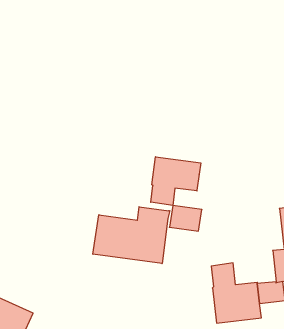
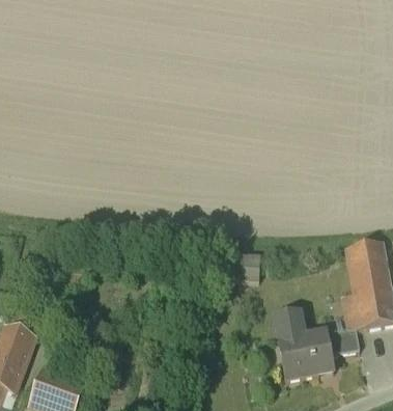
building: [151,157,201,206] -> none
building: [93,207,170,264] -> none

